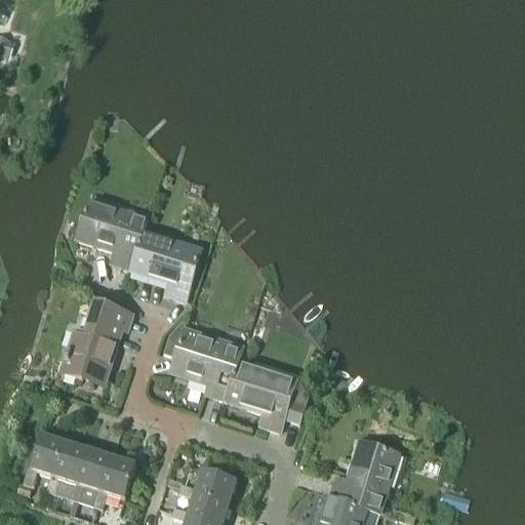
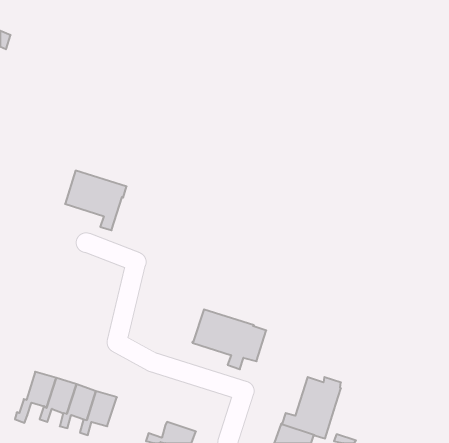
building: [129,230,201,299] -> none
building: [63,302,130,379] -> none
building: [163,319,242,399] -> none
building: [178,469,236,503] -> none

